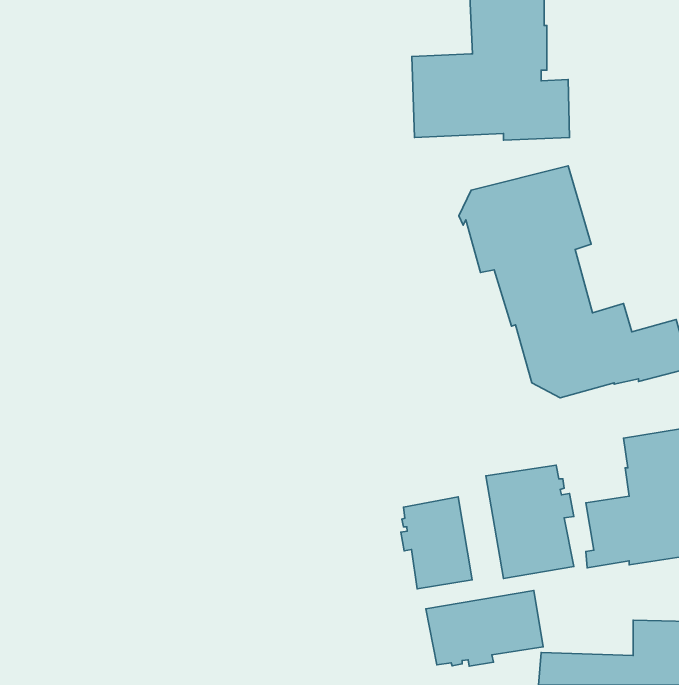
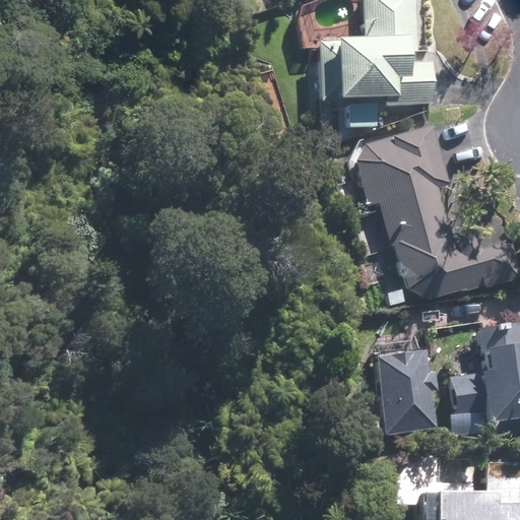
building: [401,497,472,589] -> none
building: [426,590,543,666] -> none

